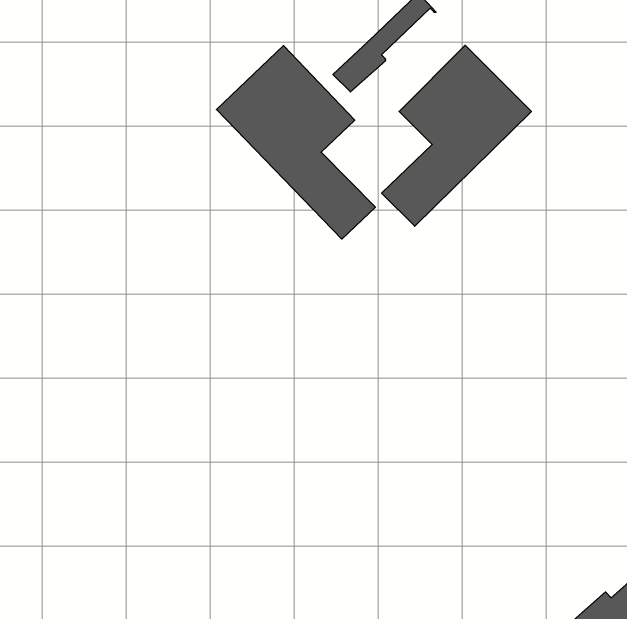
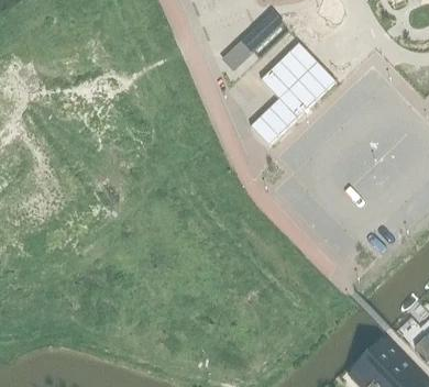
building: [216,46,375,239] -> none

